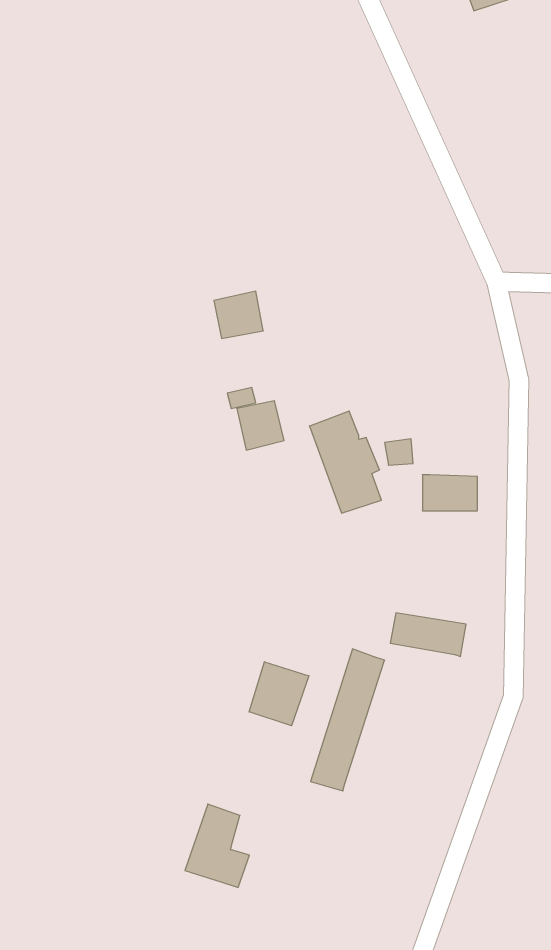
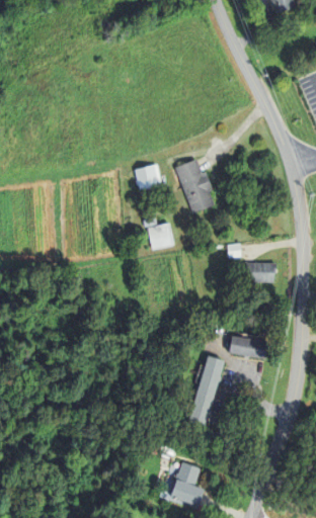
building: [309,411,381,513] -> [175,158,214,212]
building: [249,662,309,726] -> none
building: [185,804,249,887] -> [170,462,205,507]

